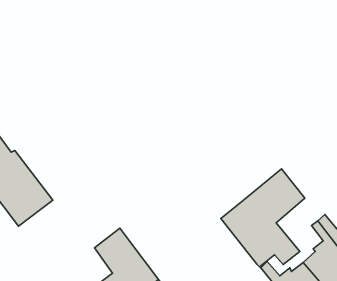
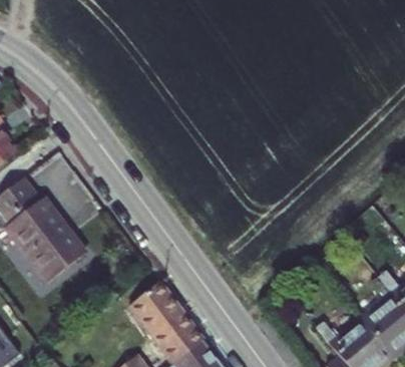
building: [221,169,305,267] -> none

